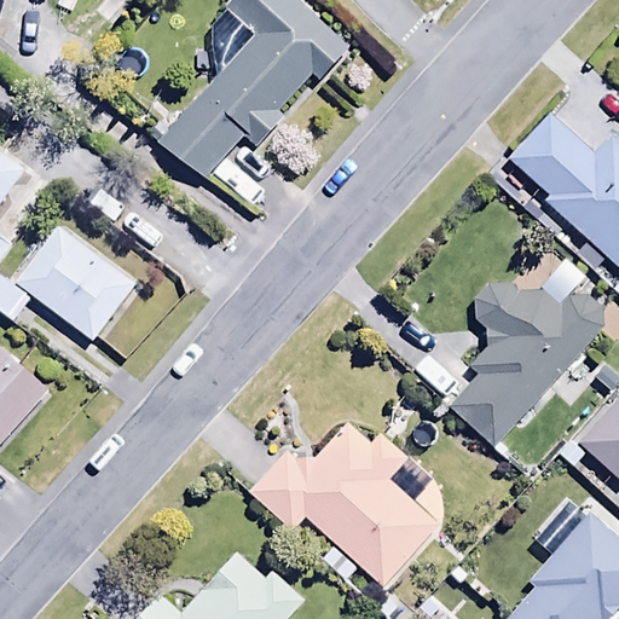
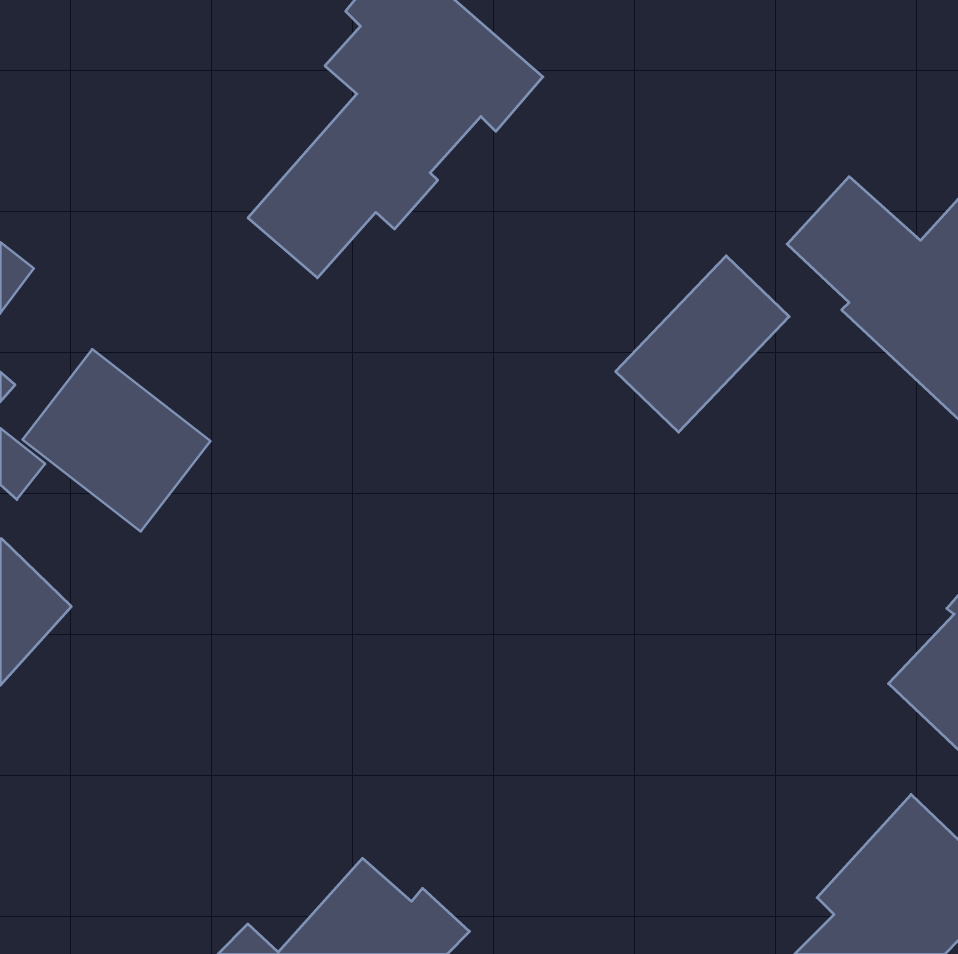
building: none -> [616,256,789,432]
building: [449,278,604,446] -> none
building: [248,420,438,586] -> none

